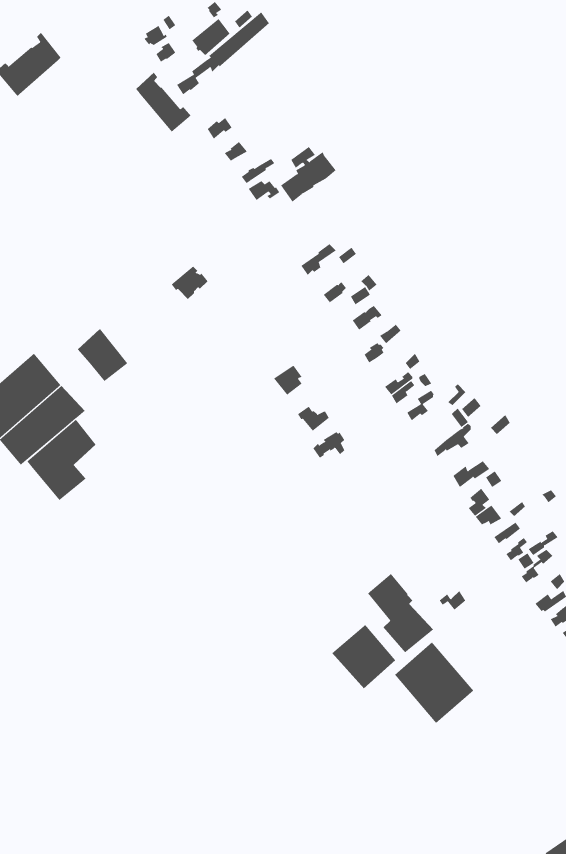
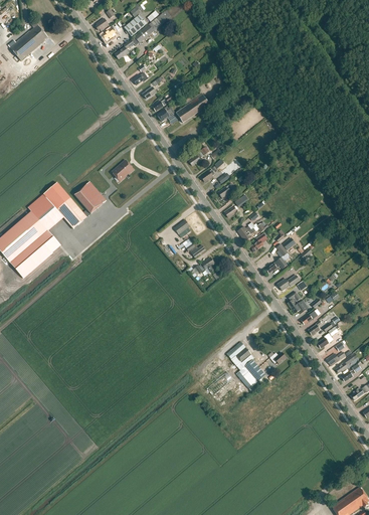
building: [136,72,191,133] -> none
building: none -> [74,181,107,213]
building: [27,419,97,501] -> [28,182,69,230]
building: [394,642,474,724] -> none

